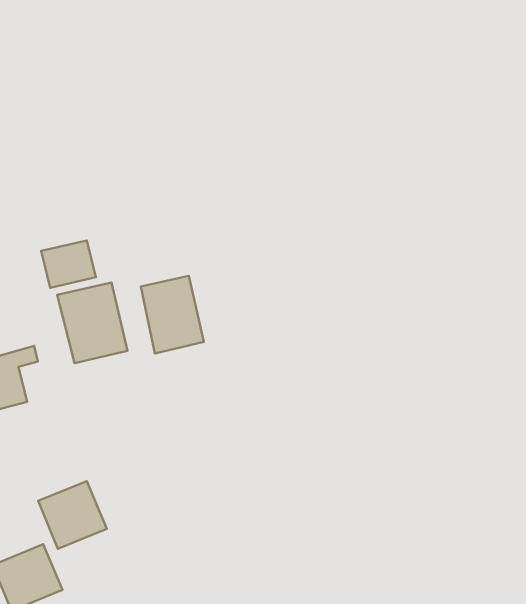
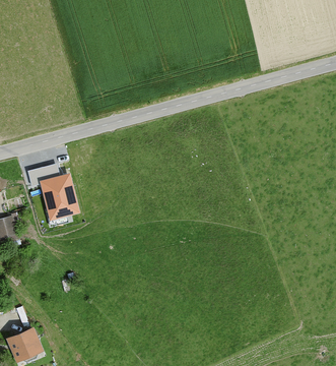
building: [141,276,204,354] -> none
building: [38,481,107,549] -> none

